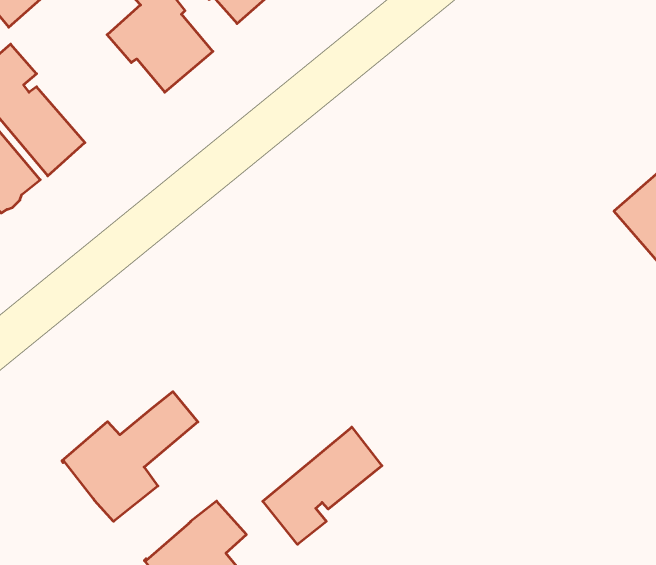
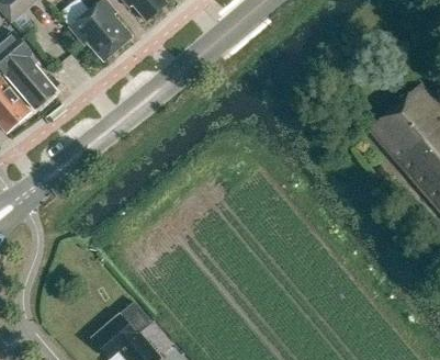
building: [62,392,198,521] -> none
building: [263,427,382,544] -> none

